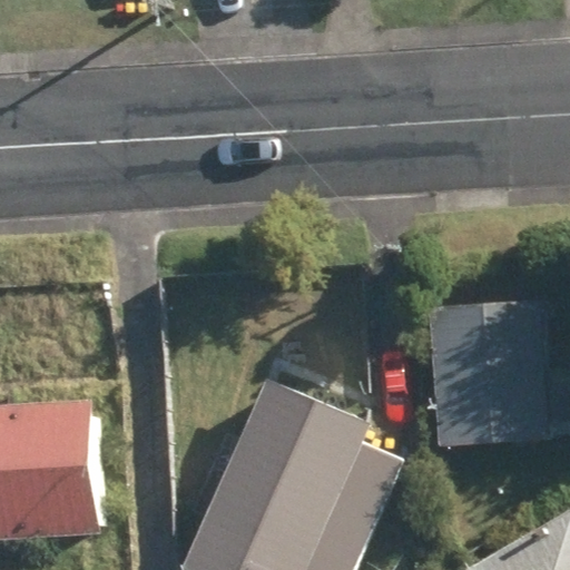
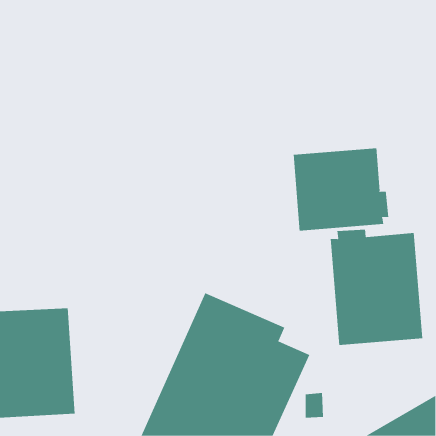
building: none -> [293,147,389,232]

